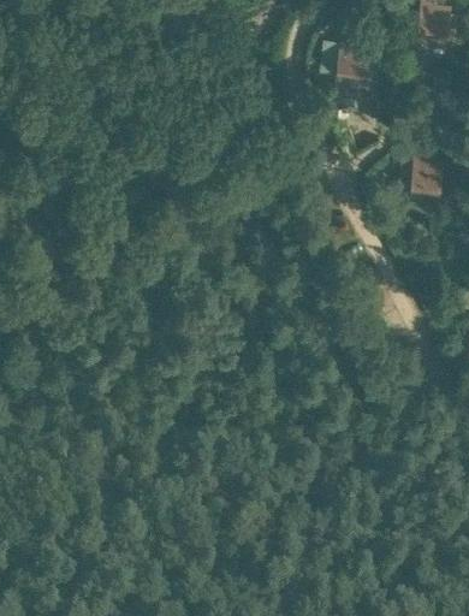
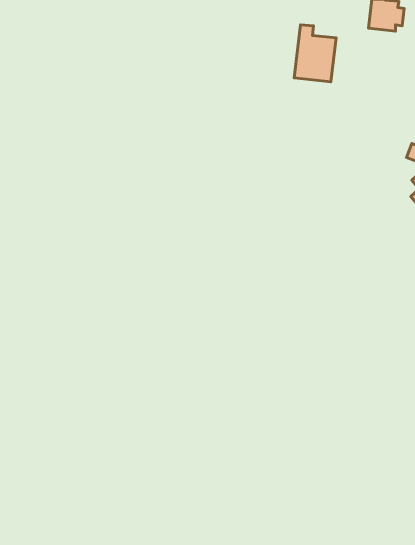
building: [408,152,441,199] -> none

